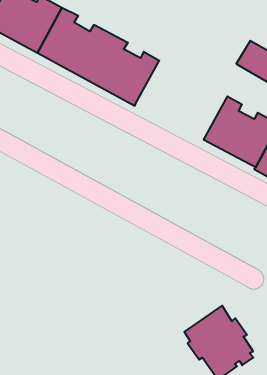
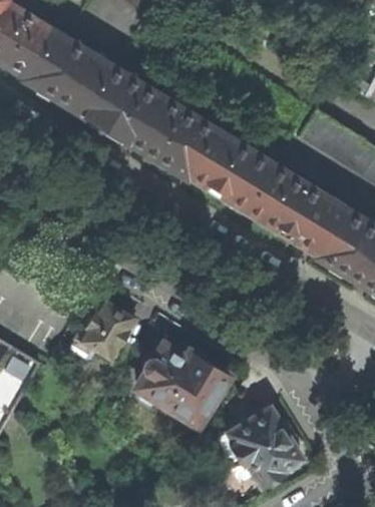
building: none -> [184,127,288,218]
building: none -> [72,298,136,368]
building: none -> [138,335,231,428]

